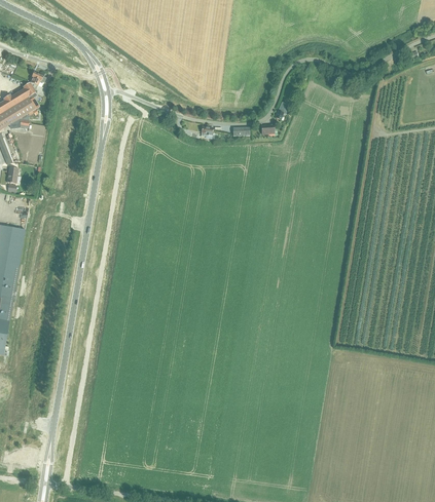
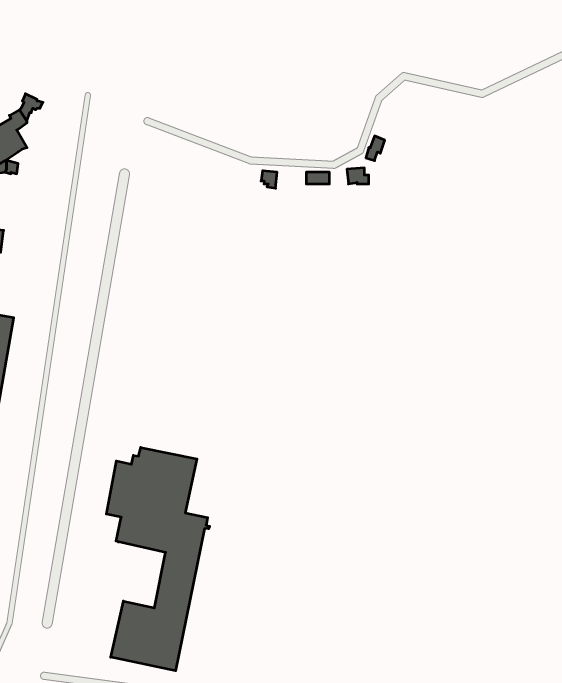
building: none -> [106,447,210,671]

